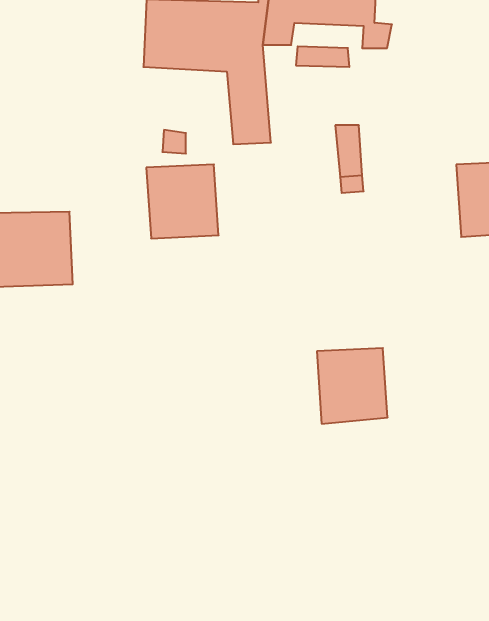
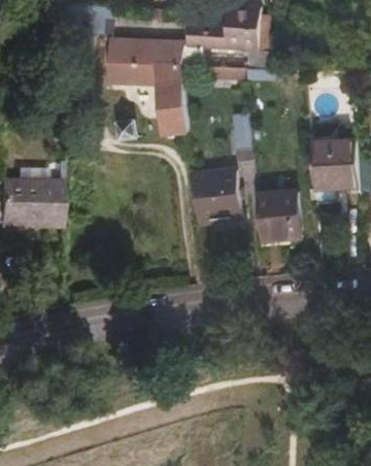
building: [146,164,219,238] -> [193,171,240,220]
building: [317,348,388,424] -> [252,189,299,238]

